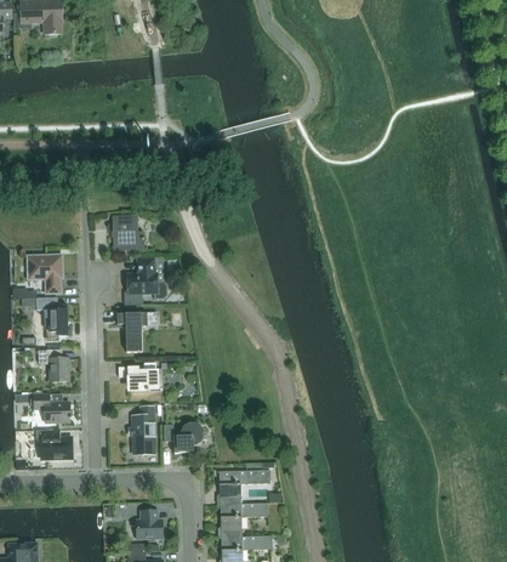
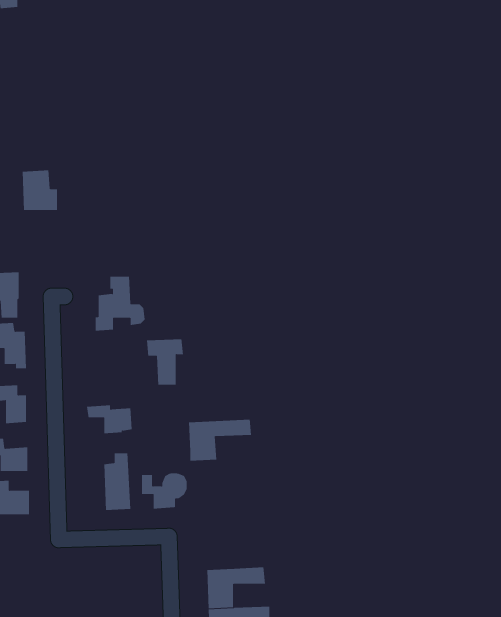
building: [113,216,143,250] -> [22,170,58,210]
building: [116,313,148,352] -> [146,339,184,385]
building: [217,470,270,505] -> [188,419,252,461]
building: [136,510,163,539] -> none

